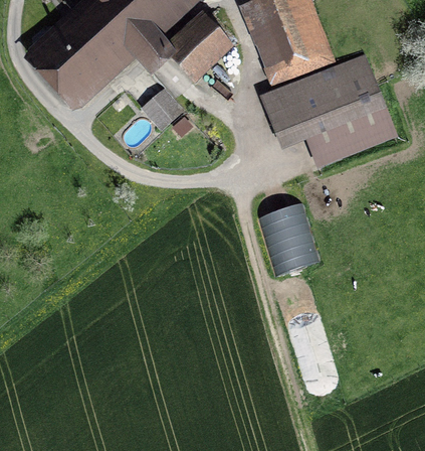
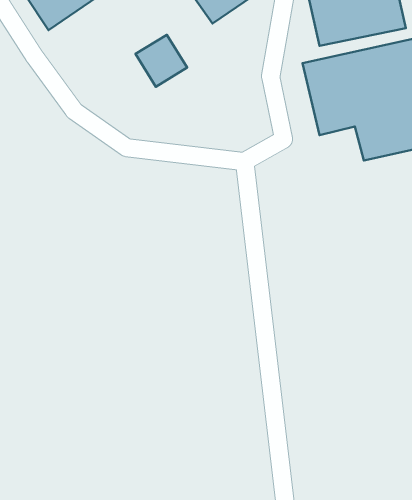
building: [259,202,320,273] -> none

